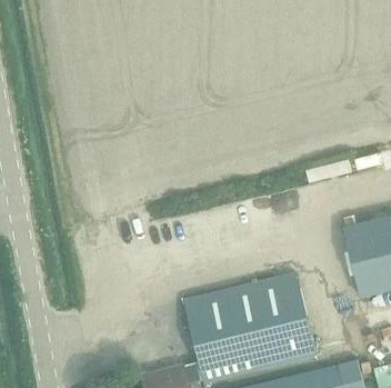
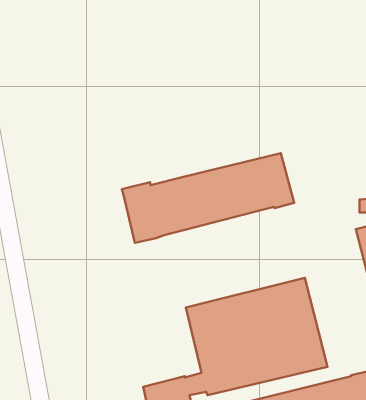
building: none -> [122,153,294,243]

